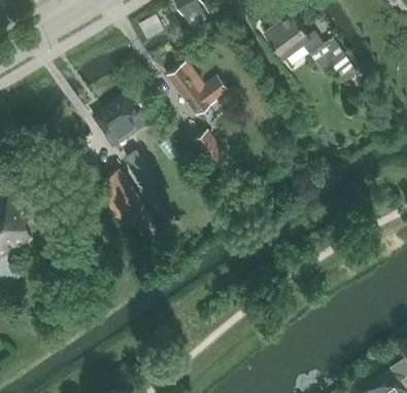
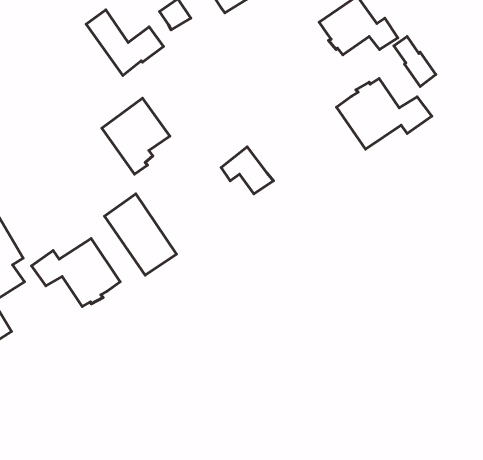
building: [169,64,230,115] -> [86,10,164,75]
building: none -> [336,79,432,149]
building: none -> [31,239,120,306]

